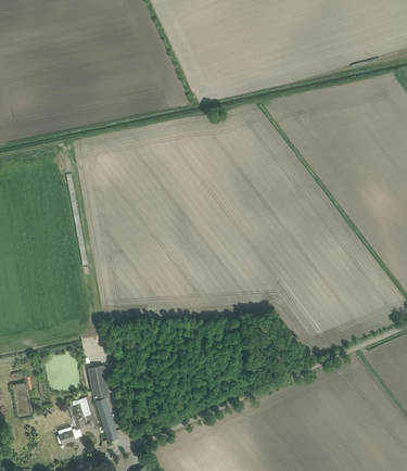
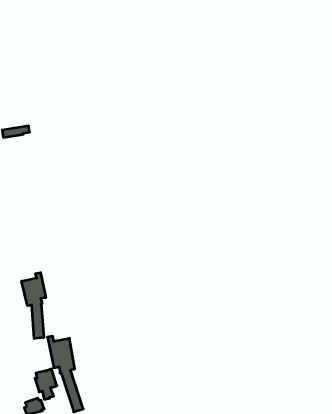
building: none -> [22,273,46,339]

